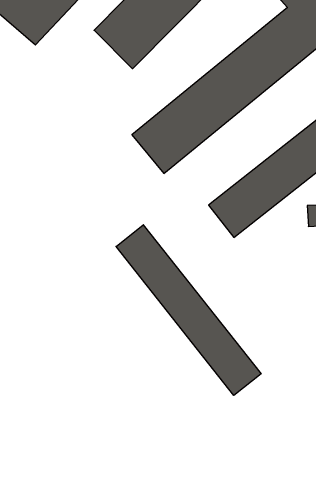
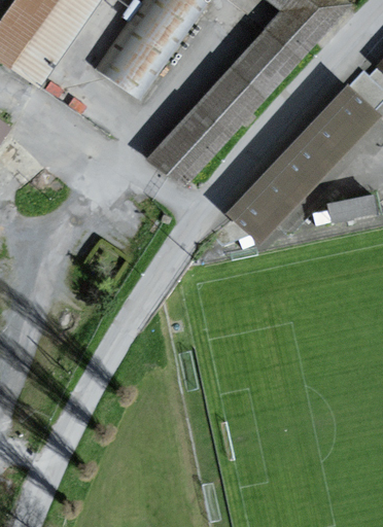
building: [116,225,261,395] -> none

